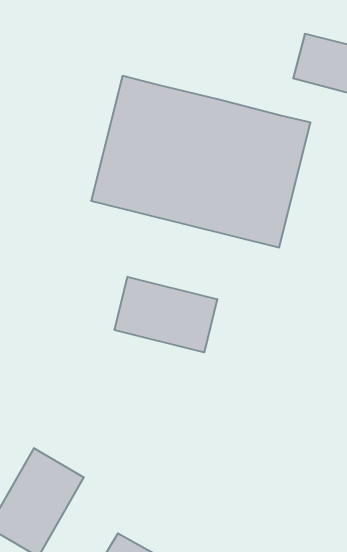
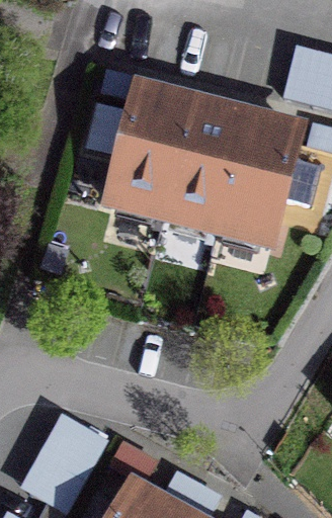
building: [115,277,217,352] -> none

